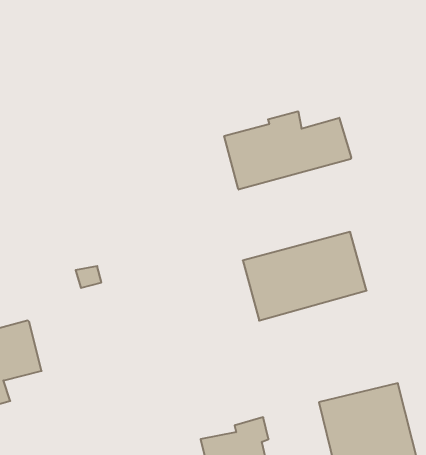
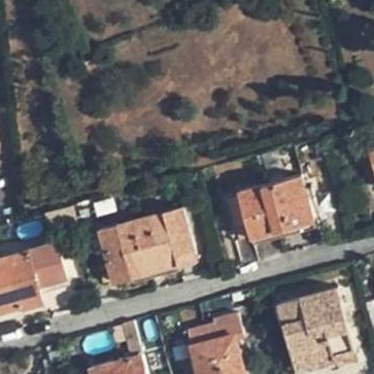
building: [224,111,351,190] -> none
building: none -> [98,209,194,282]

